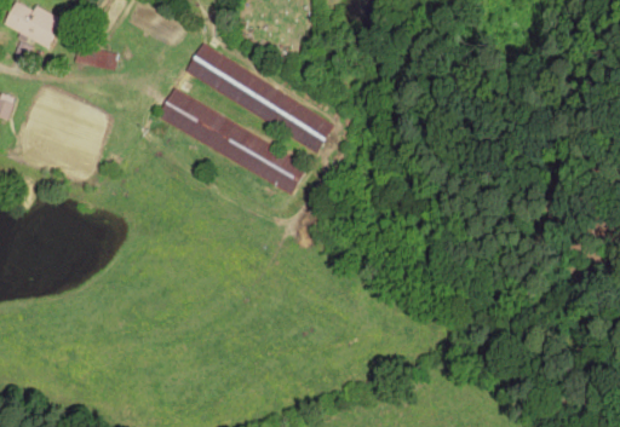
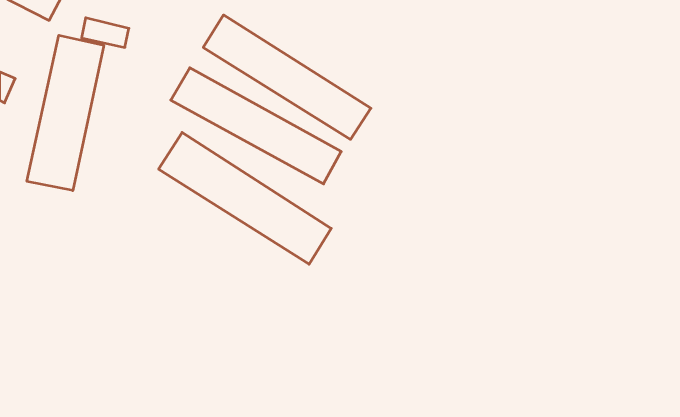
building: none -> [27,35,104,191]
building: none -> [159,132,331,264]

